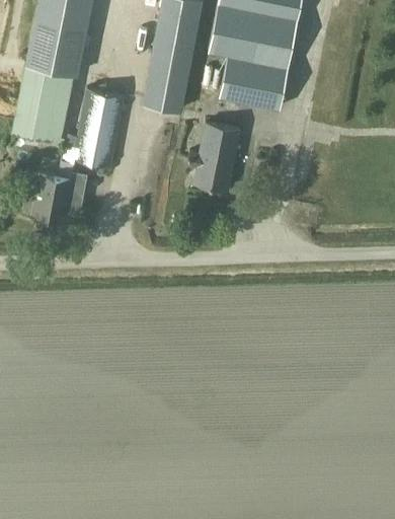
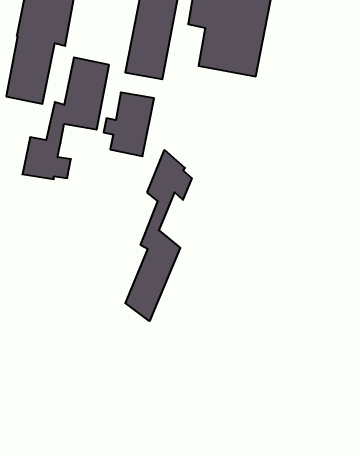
building: [186,123,240,191] -> [104,92,154,156]
building: none -> [125,150,192,321]

